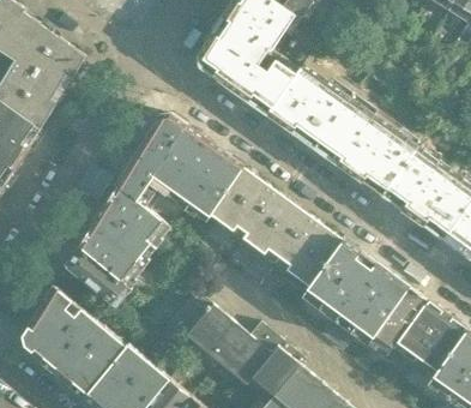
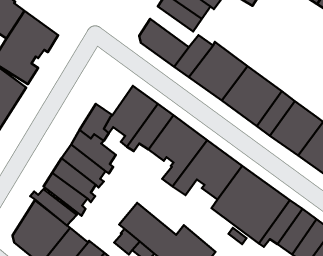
building: [213,17,280,73] -> none
building: [138,114,189,168] -> none
building: none -> [30,189,77,225]

